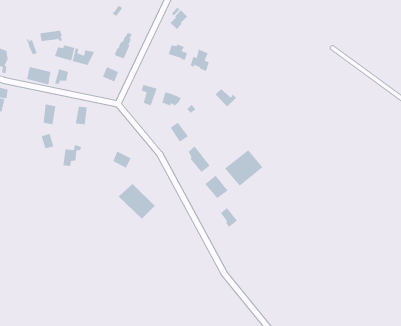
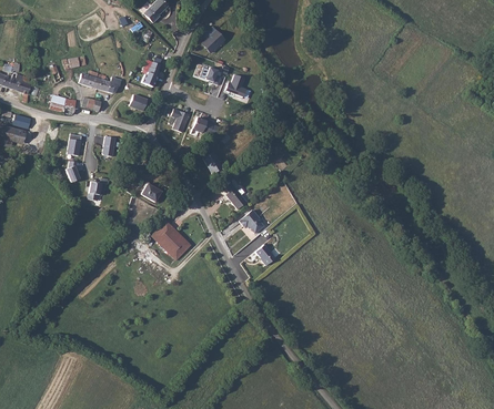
building: [224,150,263,186] -> none

